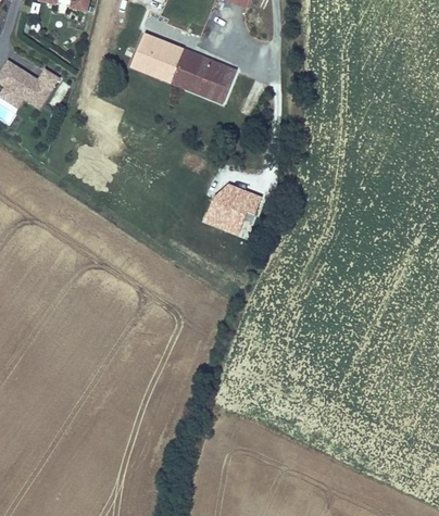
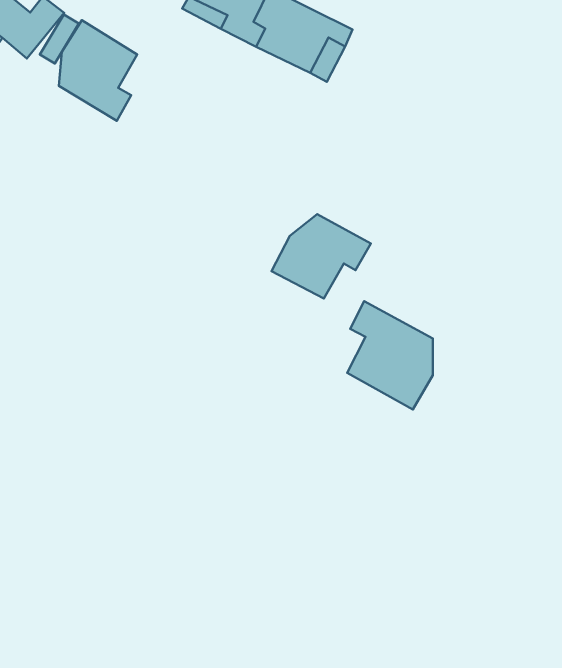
building: none -> [59,20,137,121]
building: none -> [347,301,433,410]

